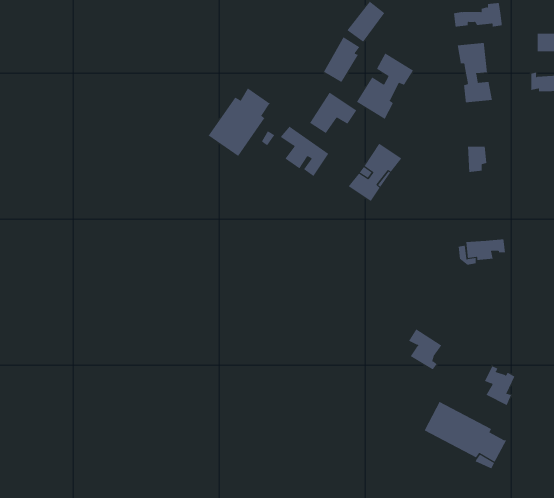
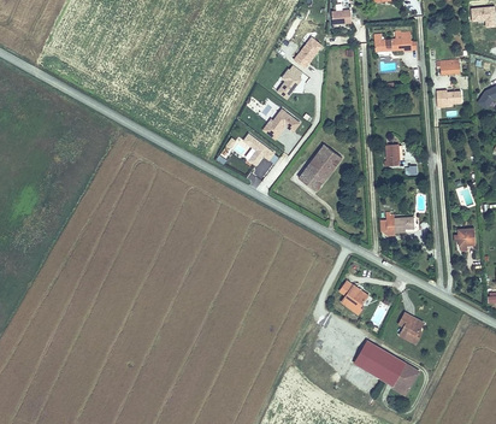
building: [457,42,492,103] -> none
building: [356,52,414,120] -> none
building: [208,88,272,157] -> none

